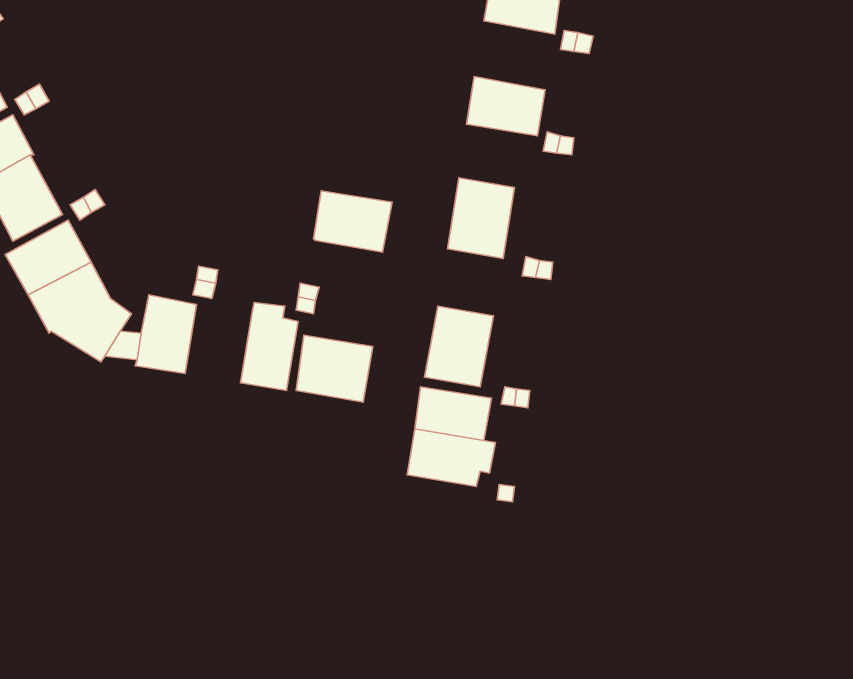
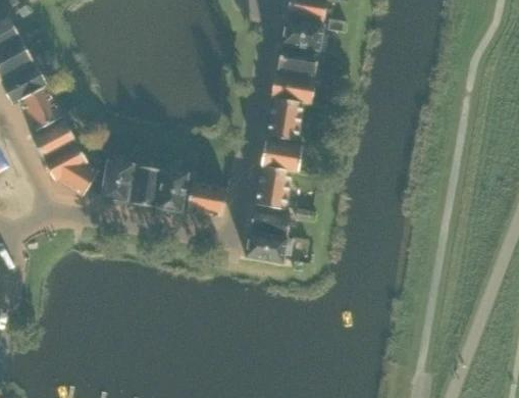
building: none -> [280,17,326,49]
building: none -> [271,71,313,101]
building: [314,191,392,252] -> [260,138,302,170]
building: none -> [131,163,162,205]

